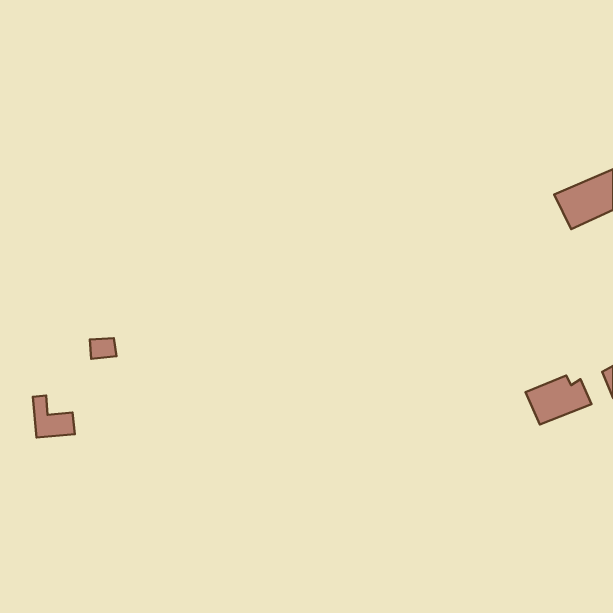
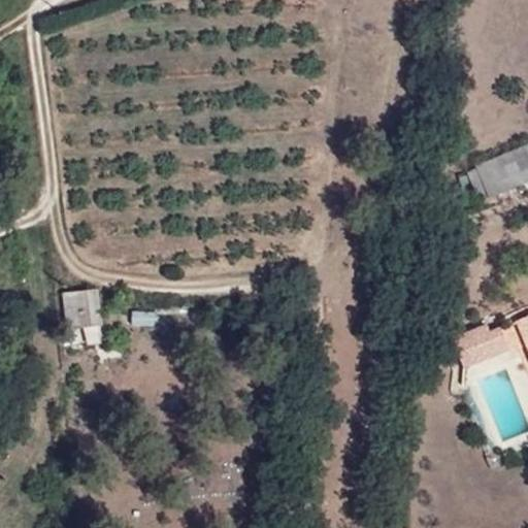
building: [33,396,75,438] -> [66,292,102,328]

